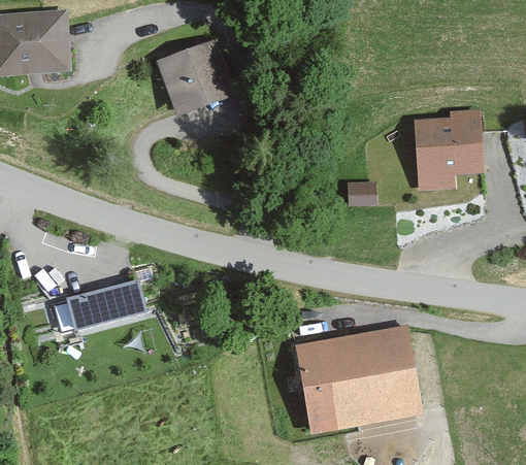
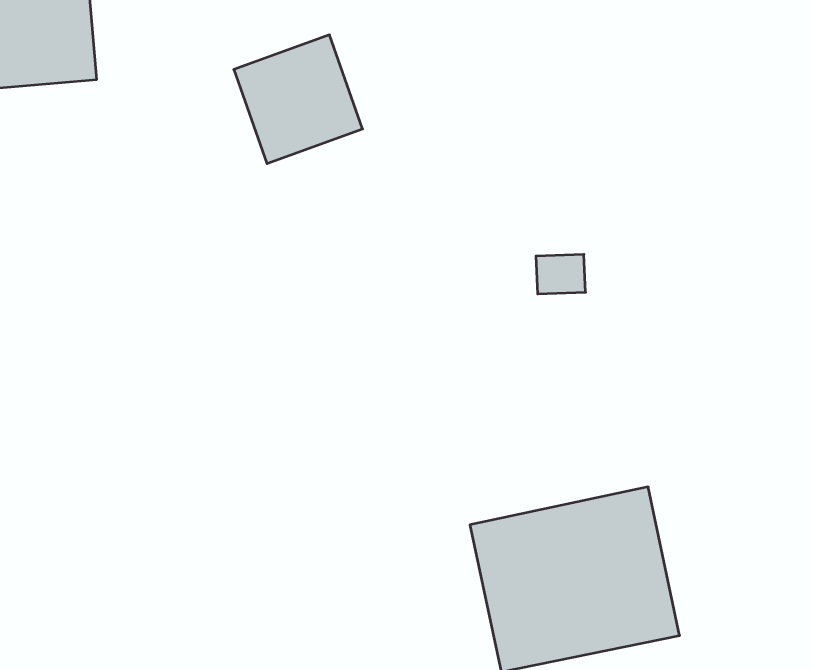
building: [415,107,487,191] -> none
building: [40,279,137,333] -> none

